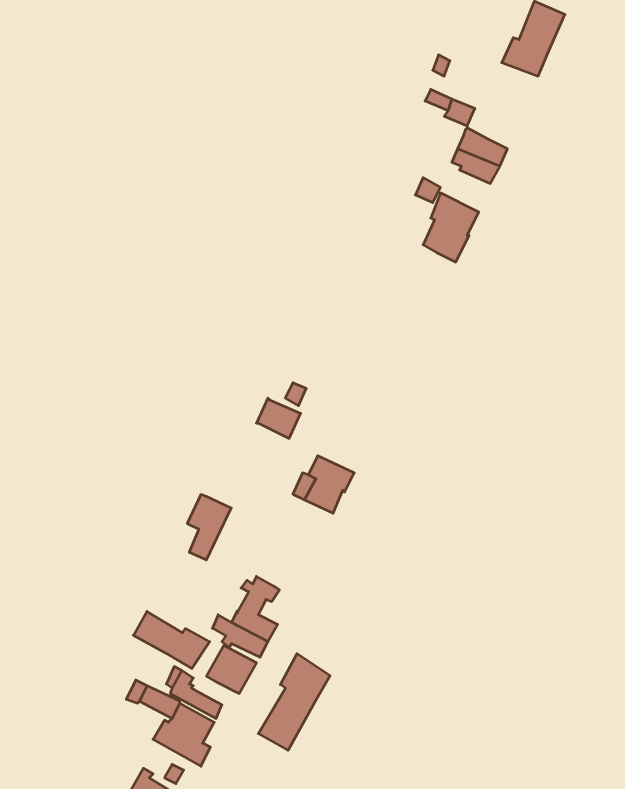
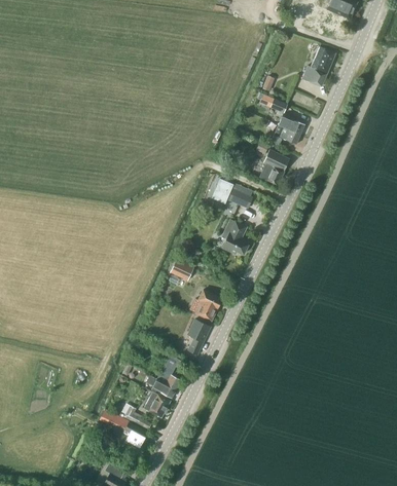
building: none -> [215,177,252,209]
building: none -> [222,222,249,254]
building: [187,495,231,560] -> [186,320,210,354]
building: [133,611,210,668] -> none
building: [258,654,330,750] -> none

